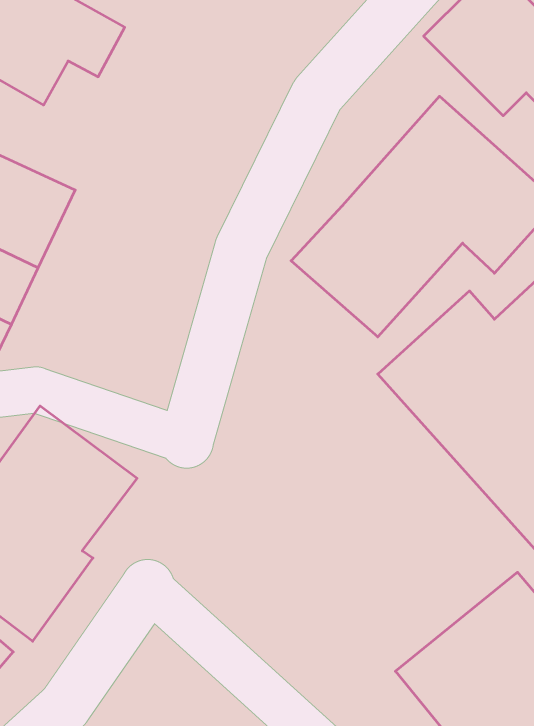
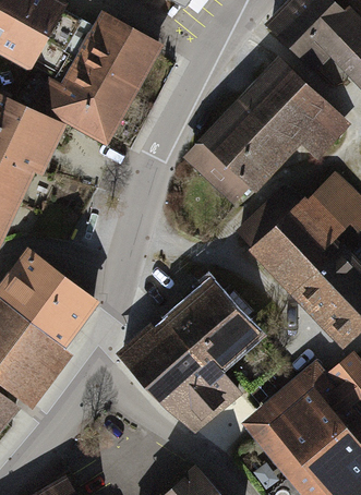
building: none -> [51,16,155,138]
building: none -> [120,274,267,434]

